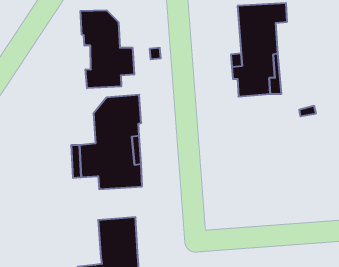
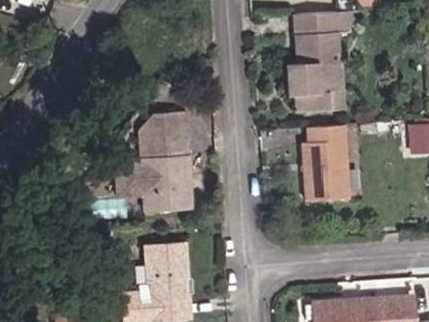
building: [80,10,134,88] -> none
building: none -> [302,124,348,200]

